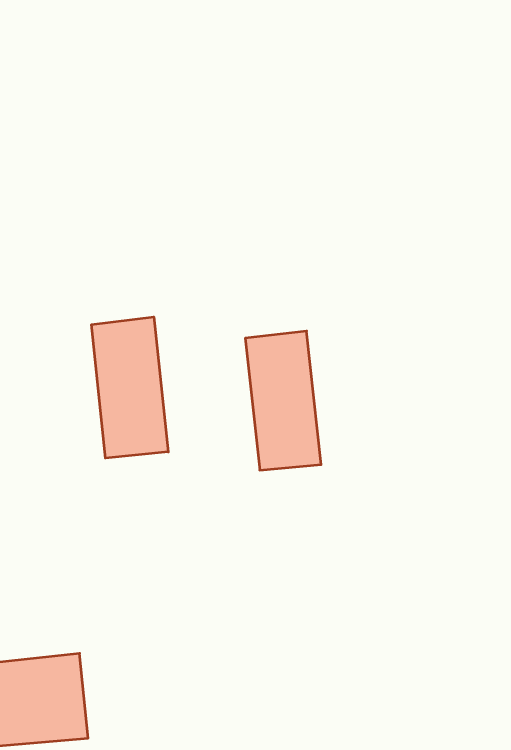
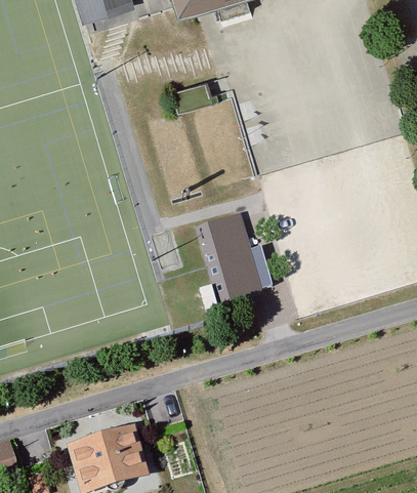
building: [92,317,168,458] -> none

